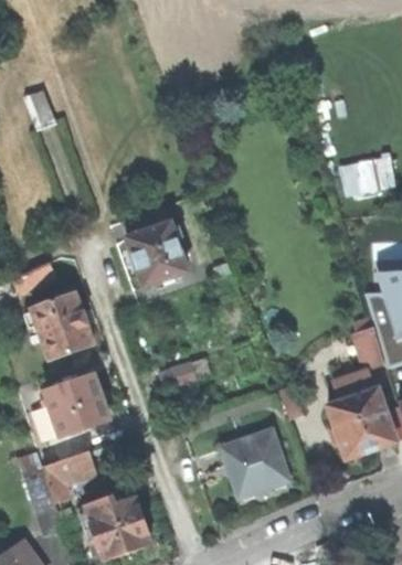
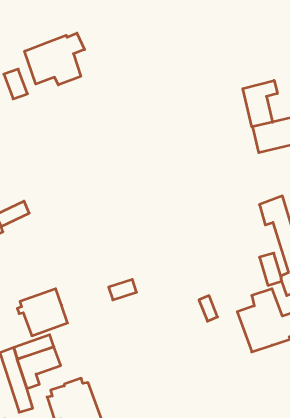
building: none -> [25,33,85,85]
building: none -> [243,80,277,127]
building: [119,207,187,287] -> none
building: [29,294,93,361] -> none
building: [222,431,288,497] -> none

